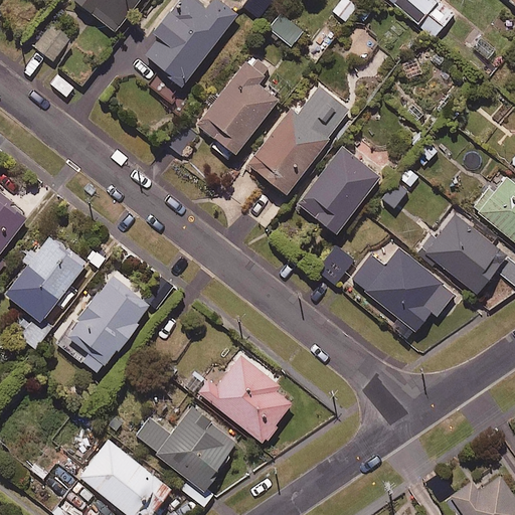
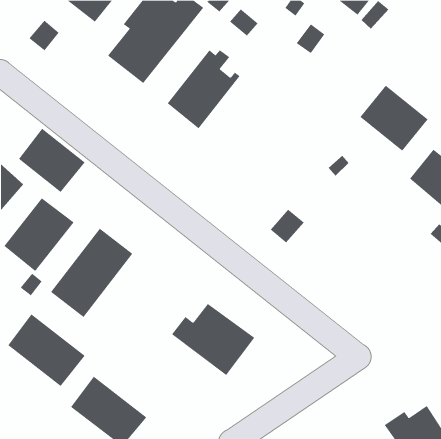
building: [247,87,349,193] -> none
building: [297,147,378,232] -> none
building: none -> [18,128,86,193]
building: [424,216,505,294] -> [359,85,429,152]
building: [351,248,454,330] -> none
building: none -> [8,314,86,387]
building: [137,407,238,490] -> none

